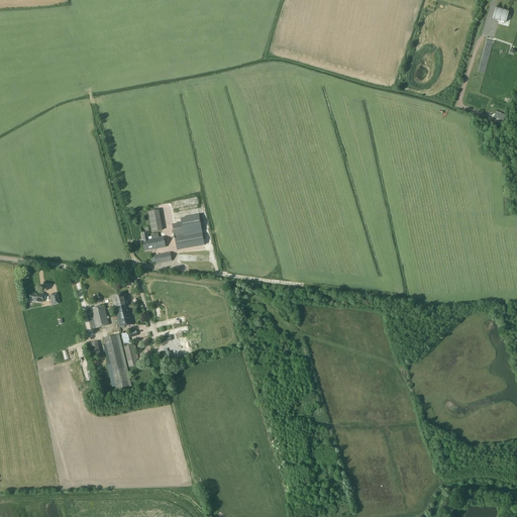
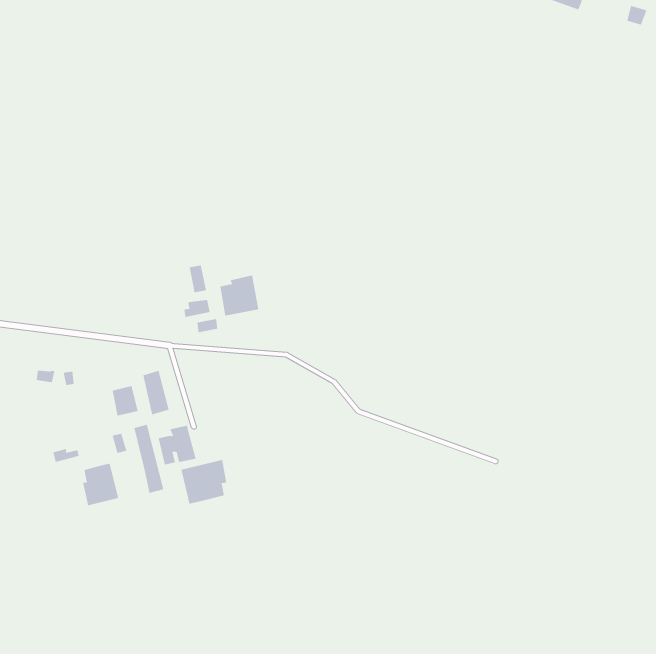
building: none -> [181,459,227,504]
building: none -> [83,463,119,506]

